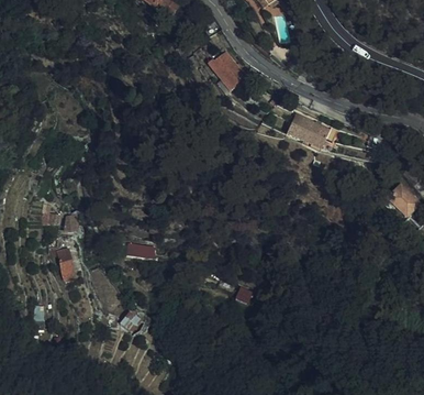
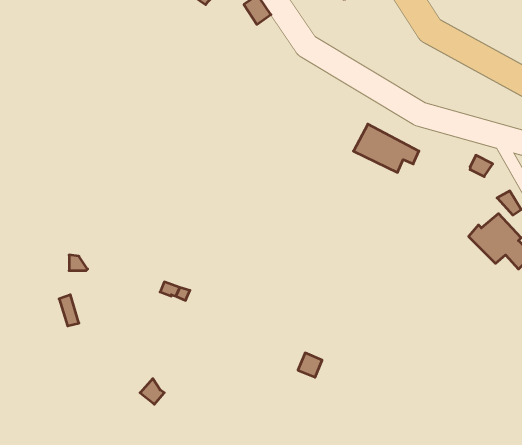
building: [212,54,246,85] -> none

